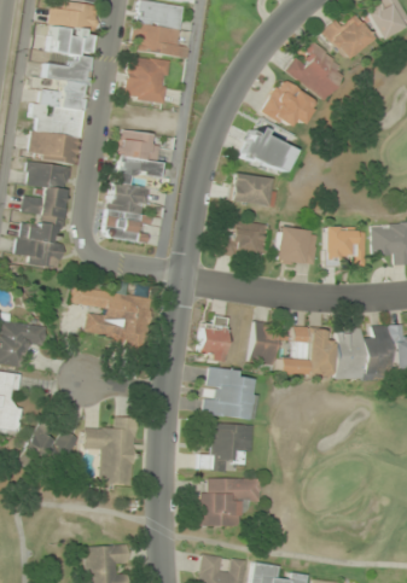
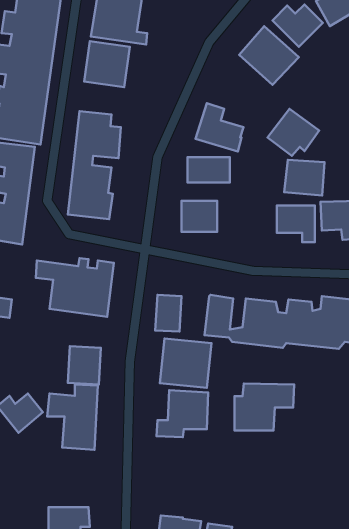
building: [262,80,316,129] -> [268,109,319,156]
building: [275,227,318,264] -> [284,160,324,196]
building: none -> [68,346,101,384]
building: [199,477,262,526] -> [235,383,294,431]

